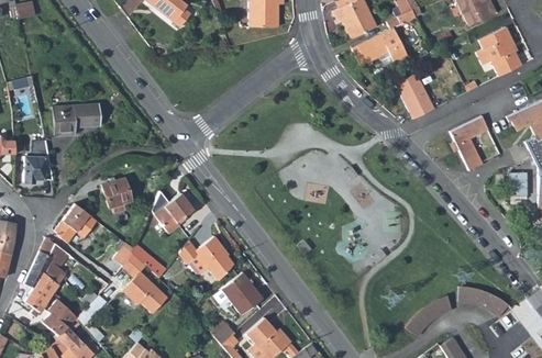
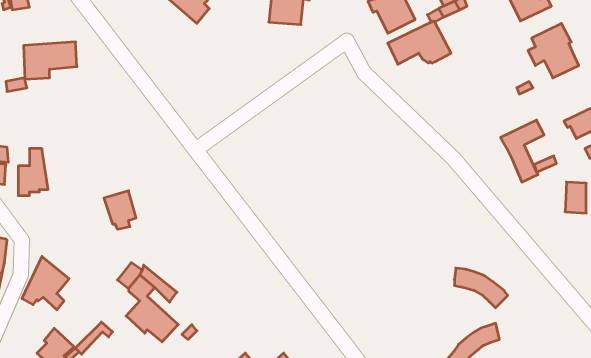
building: [399,71,439,118] -> none
building: [52,103,99,136] -> [24,42,77,79]
building: [151,197,190,238] -> none
building: [55,203,97,243] -> none
building: [181,237,239,282] -> none
building: [24,272,59,316] -> none
building: [214,273,263,314] -> none
building: [457,283,505,318] -> [454,268,508,308]

